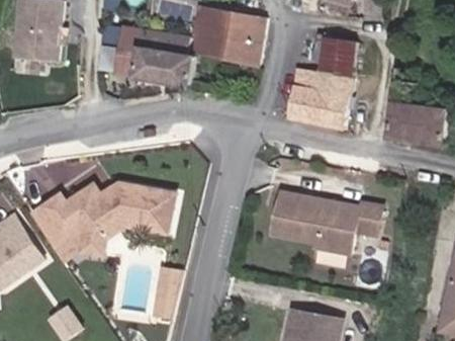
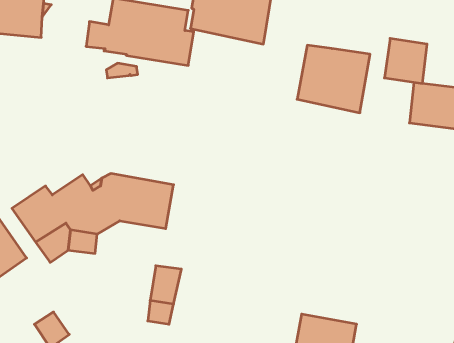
building: [318,35,357,76] -> [384,38,427,83]
building: [273,192,381,254] -> none

